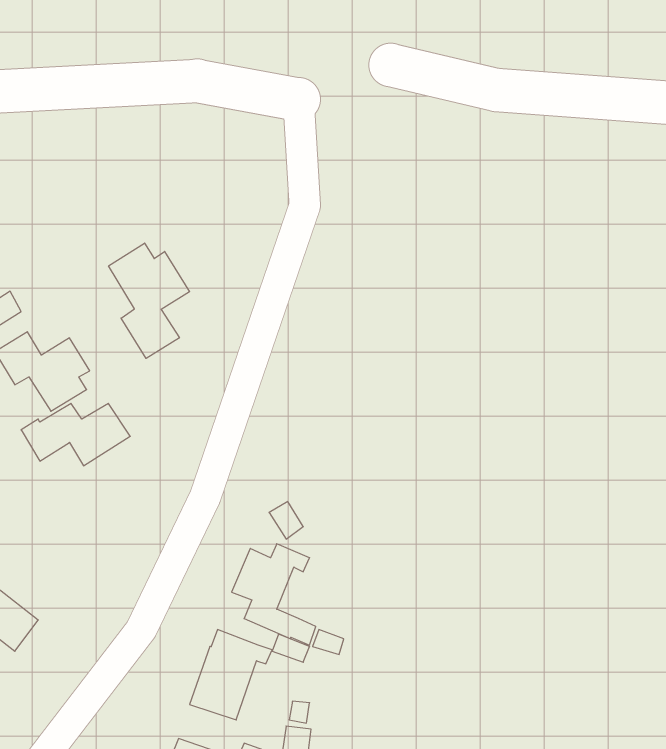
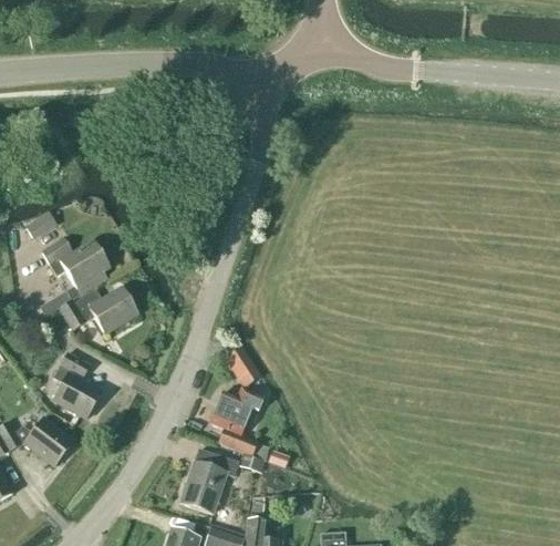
building: [109,243,190,358] -> none
building: none -> [53,353,101,419]

